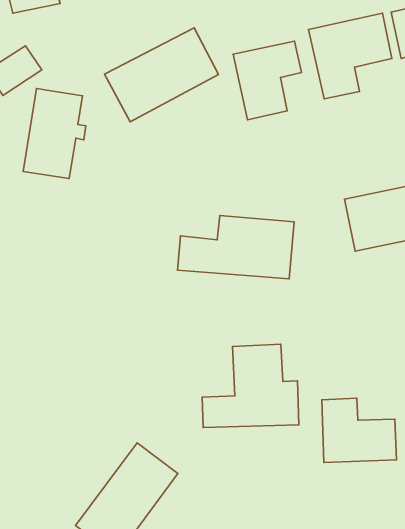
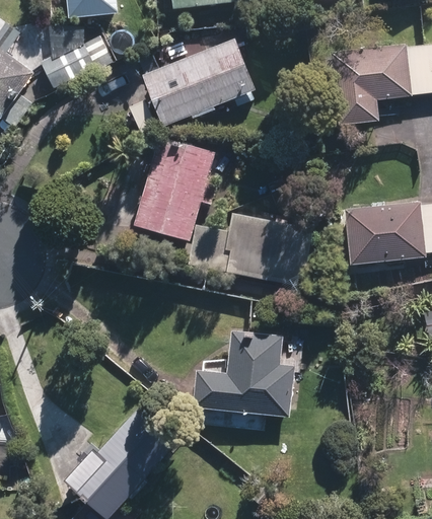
building: [233,41,302,120] -> none
building: [23,89,86,179] -> [146,147,207,231]
building: [322,398,397,463] -> none

